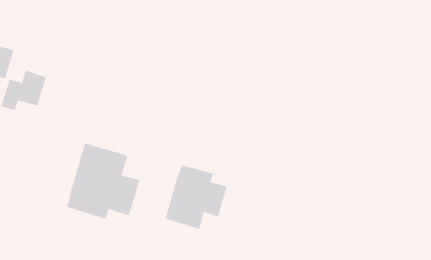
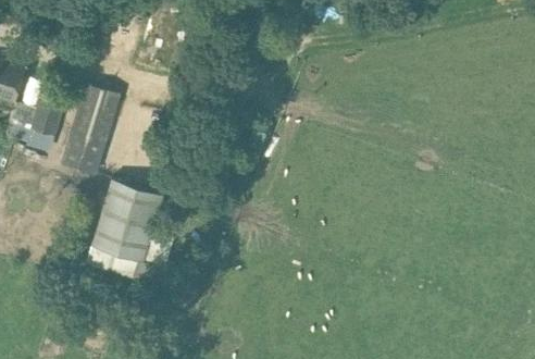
building: none -> [59,85,120,176]
building: [165,164,228,230] -> none

